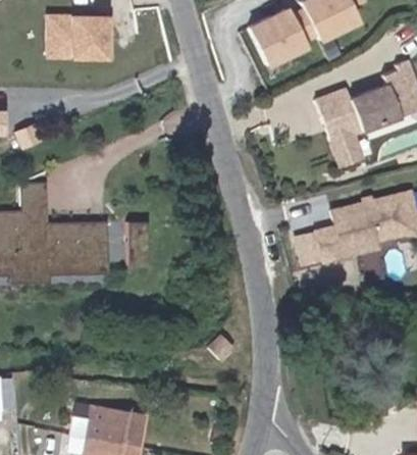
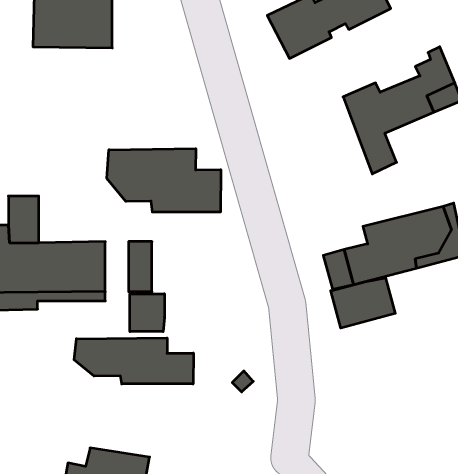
building: none -> [107,149,221,212]
building: none -> [331,278,395,328]
building: none -> [130,294,164,332]
building: none -> [74,338,193,384]

